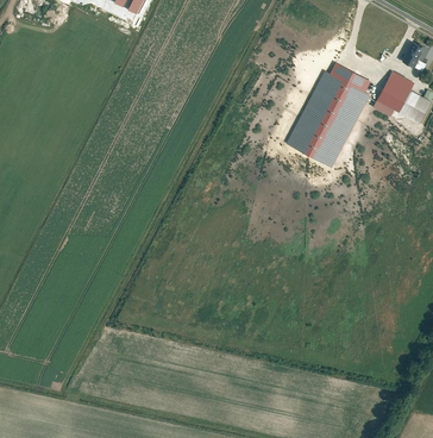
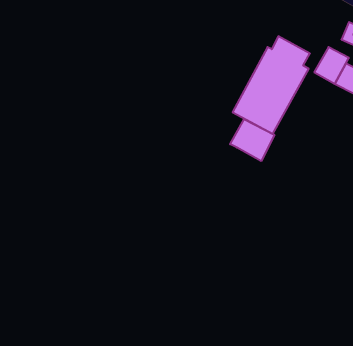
building: none -> [230,119,274,161]

